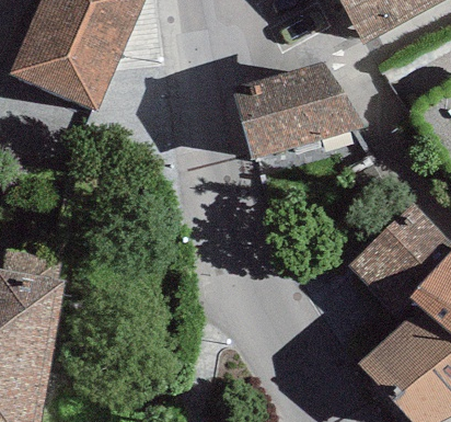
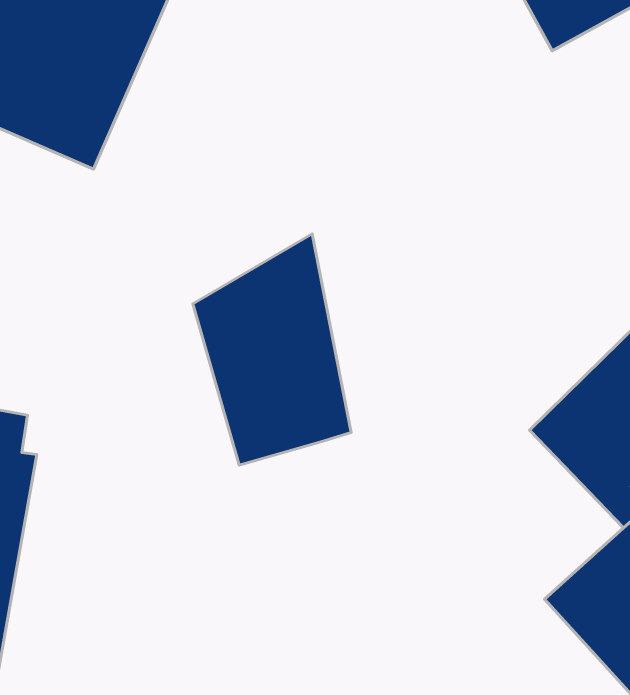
building: [229,62,366,162] -> none
building: none -> [193,234,351,465]

